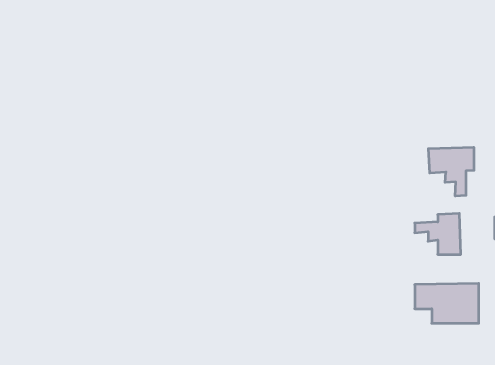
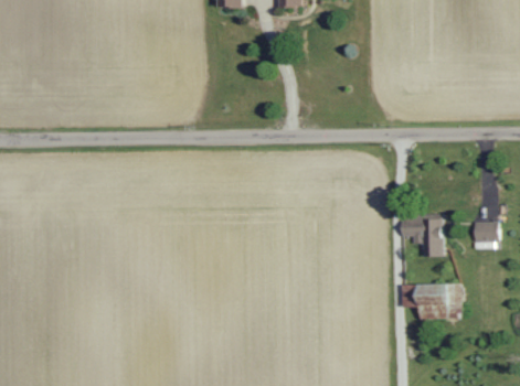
building: [428,147,474,196] -> none

